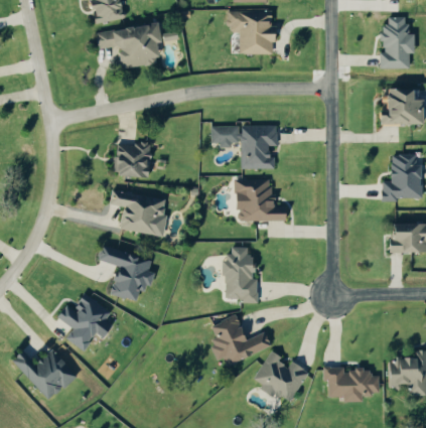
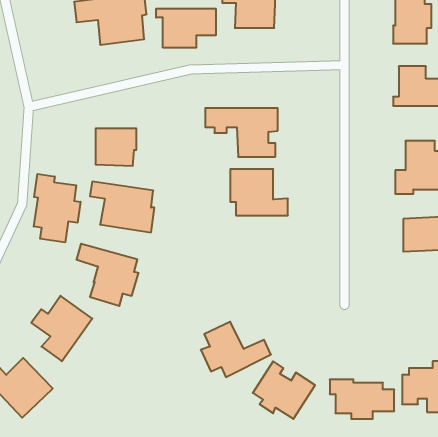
building: none -> [156,9,216,48]
building: none -> [34,174,81,242]
building: [224,247,258,303] -> none

